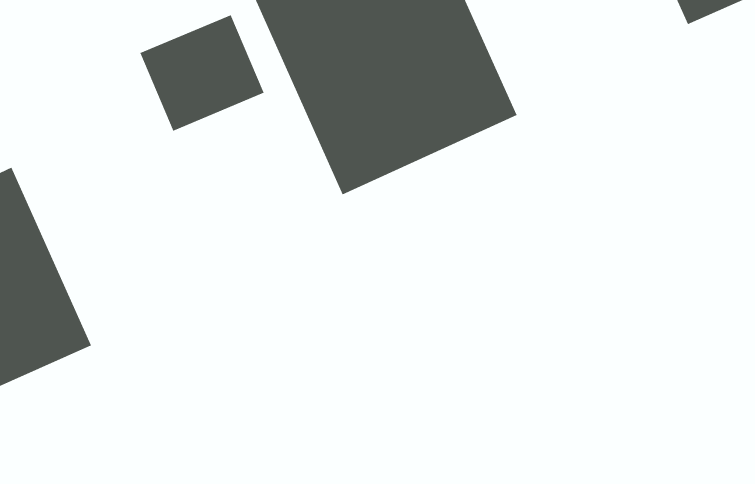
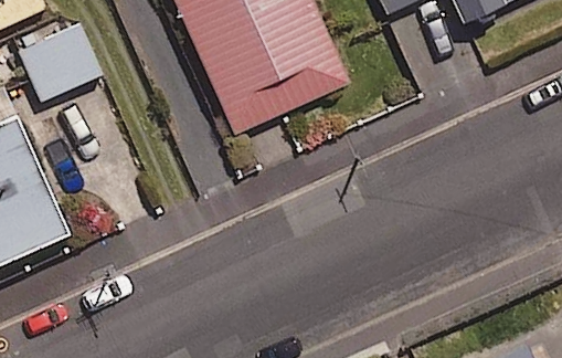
building: [139,15,265,131] -> [19,25,102,103]

